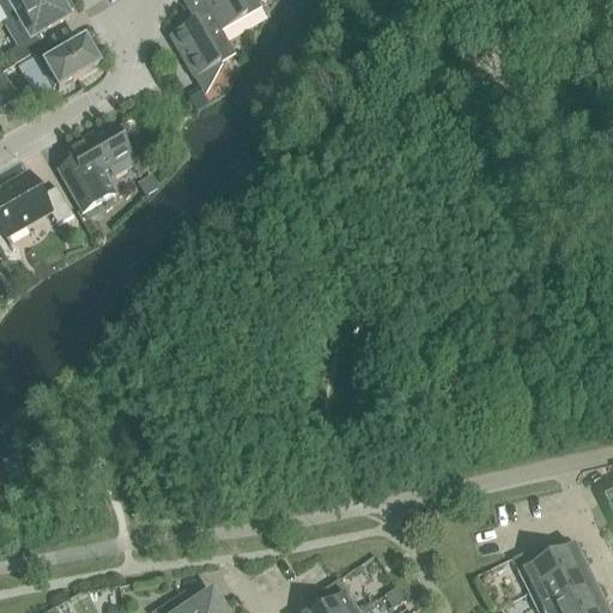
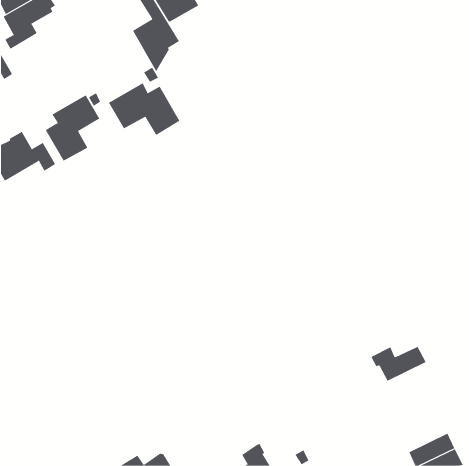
building: [34,41,98,89] -> none
building: none -> [108,82,180,136]
building: [511,542,584,590] -> [370,345,426,381]

